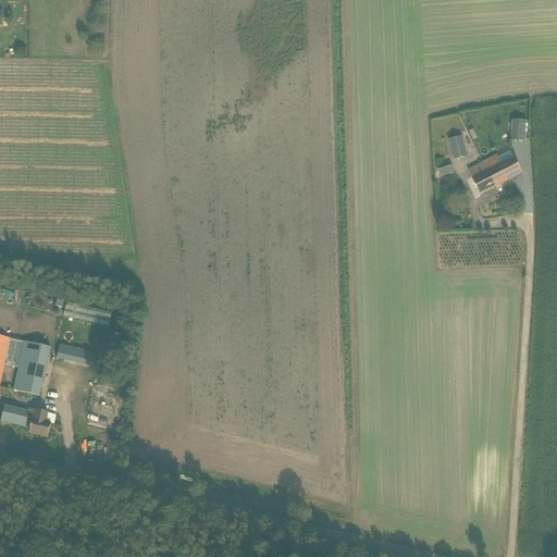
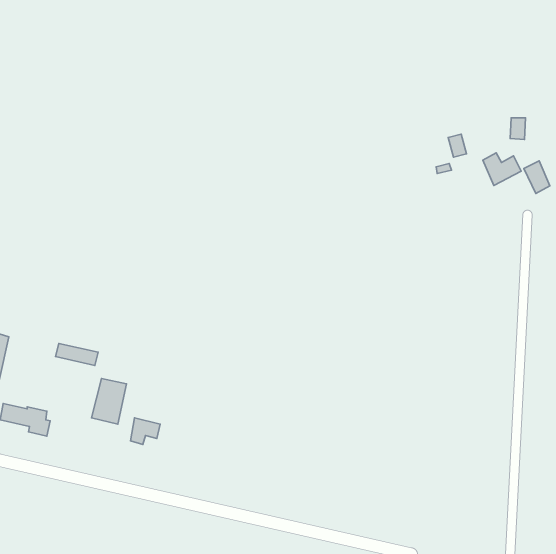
building: [467,160,493,193] -> [524,161,550,193]
building: [12,339,49,394] -> none
building: none -> [130,418,160,445]

